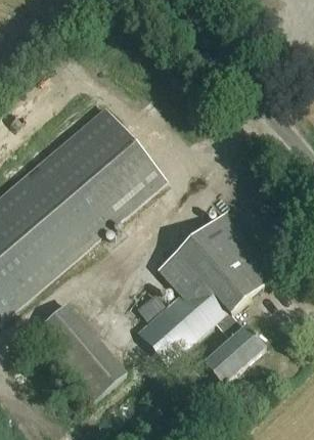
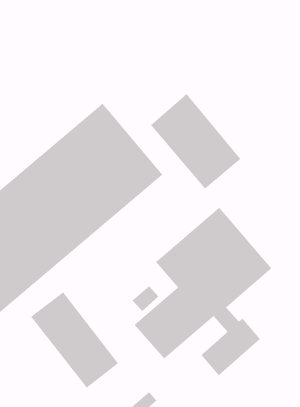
building: none -> [150,93,241,190]

